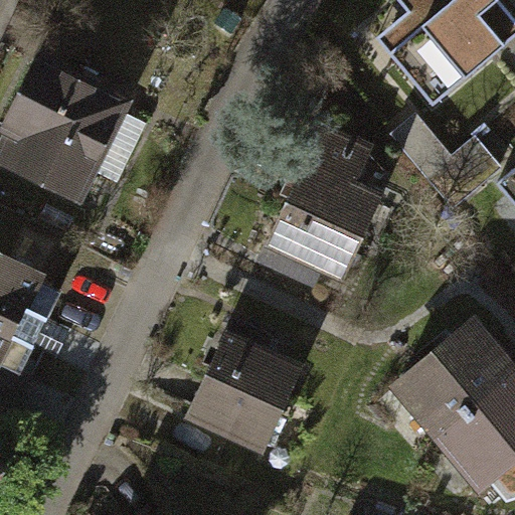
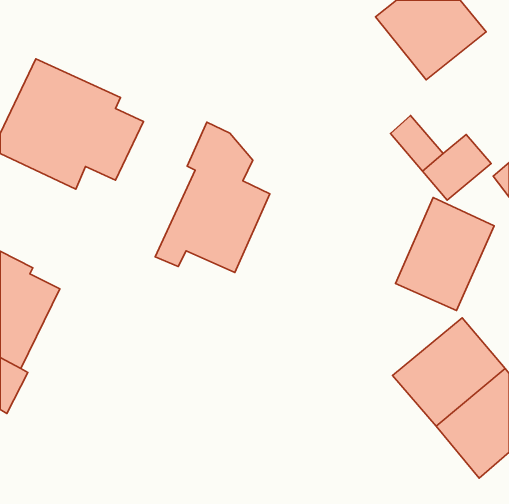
building: [263,126,378,278] -> [155,122,270,273]
building: none -> [396,198,494,311]
building: [189,320,298,449] -> none

